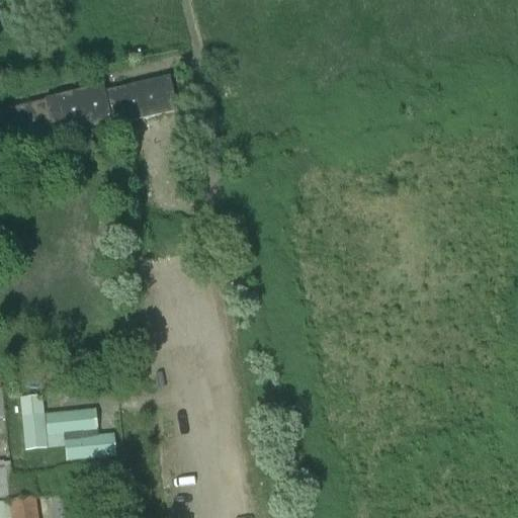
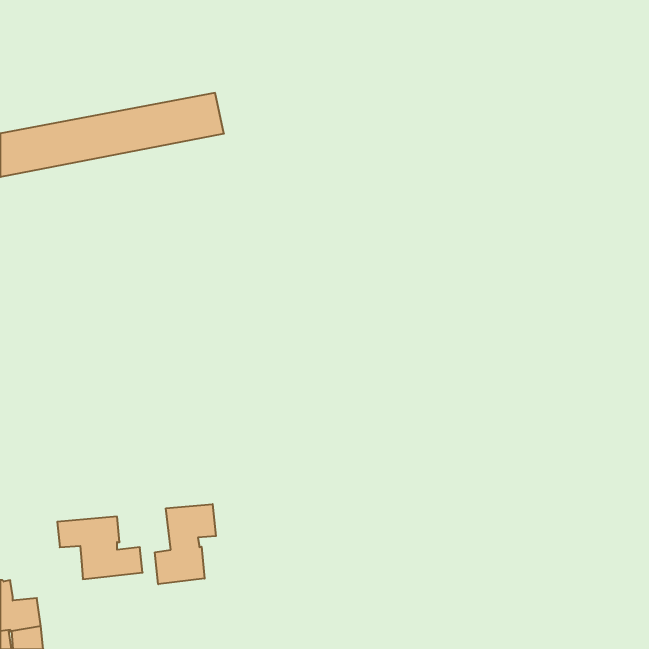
building: [20,397,66,450] -> none
building: none -> [155,504,216,584]

